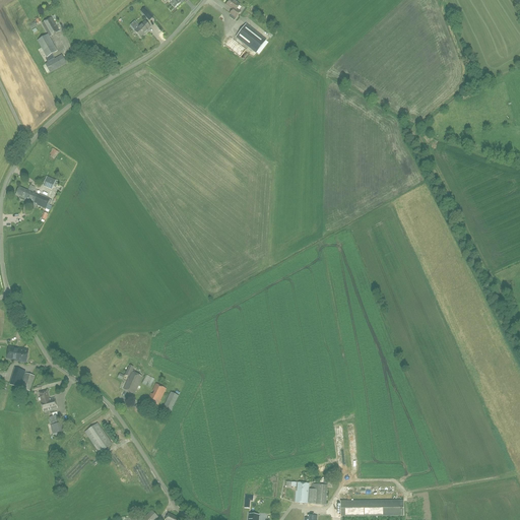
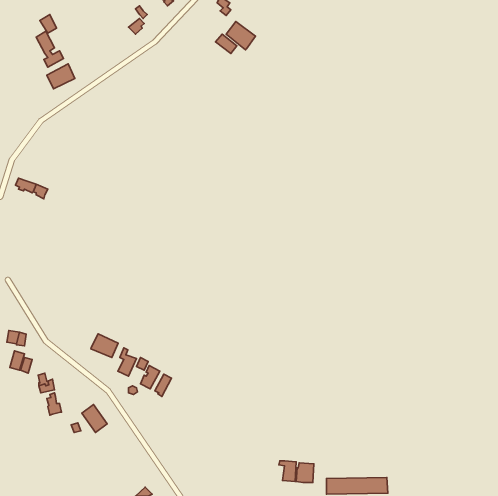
building: none -> [47,64,75,89]
building: none -> [91,334,118,358]

